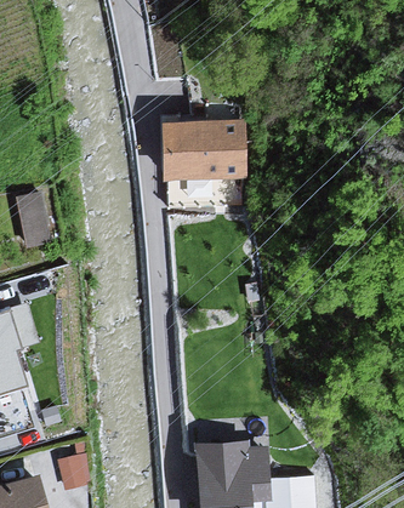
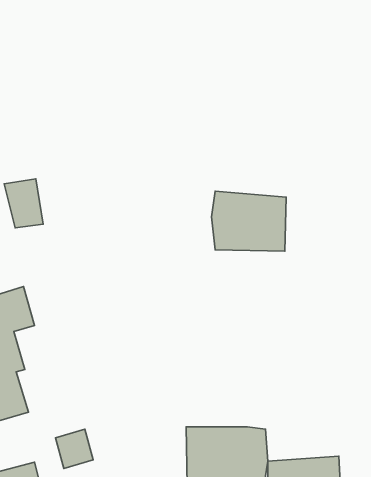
building: [158,122,232,182] -> [212,191,286,251]

